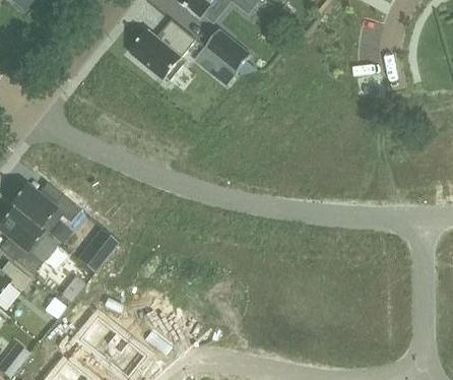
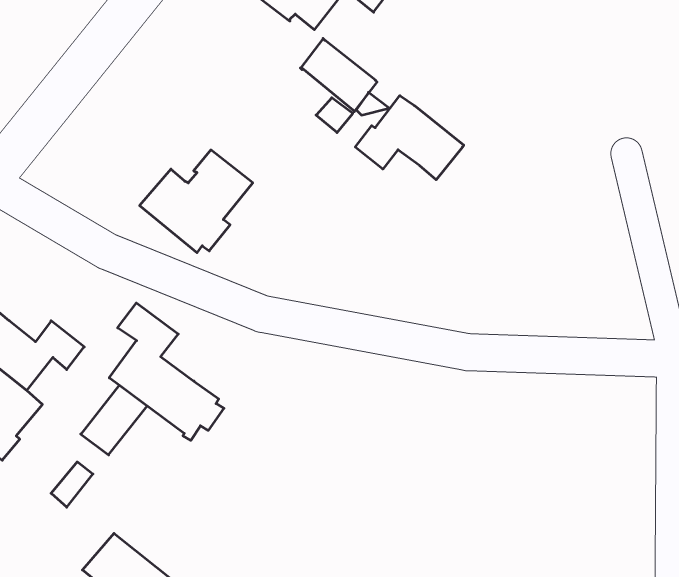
building: [130,19,196,79] -> [140,150,253,253]
building: none -> [355,96,464,180]
building: none -> [109,303,224,440]

